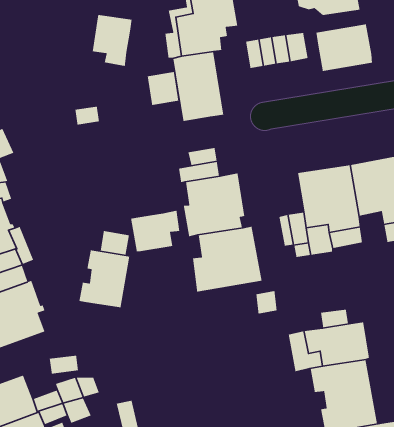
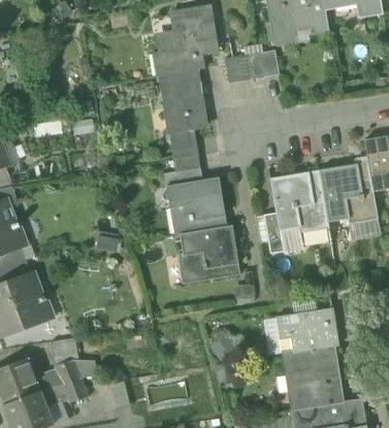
building: [92,14,133,67] -> none
building: [315,24,373,72] -> none
building: [147,71,179,106] -> [168,128,197,159]
building: [130,210,180,252] -> none
building: [78,250,130,308] -> none

